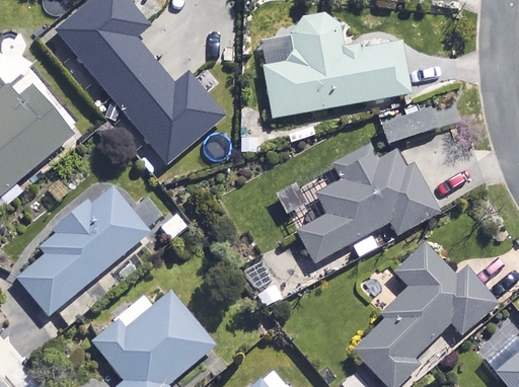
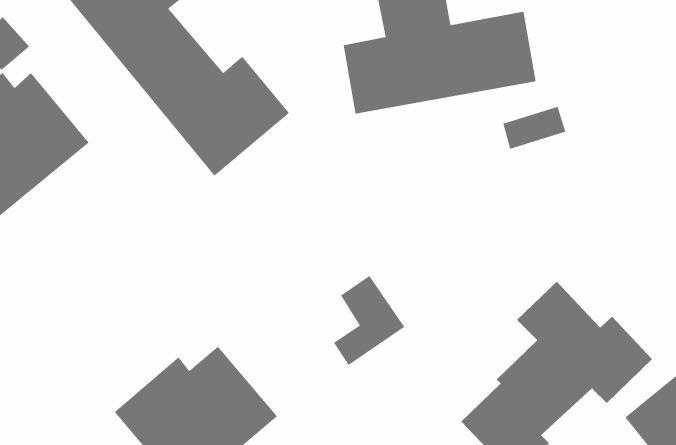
building: [298,147,436,261] -> none
building: [17,184,149,315] -> none

